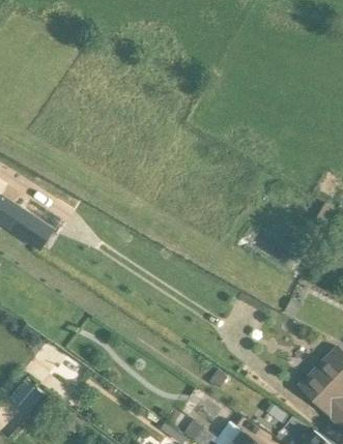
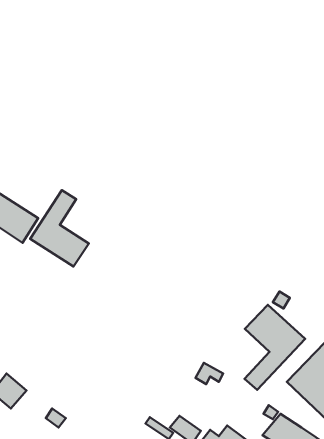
building: none -> [30,190,89,266]
building: none -> [245,305,305,390]

